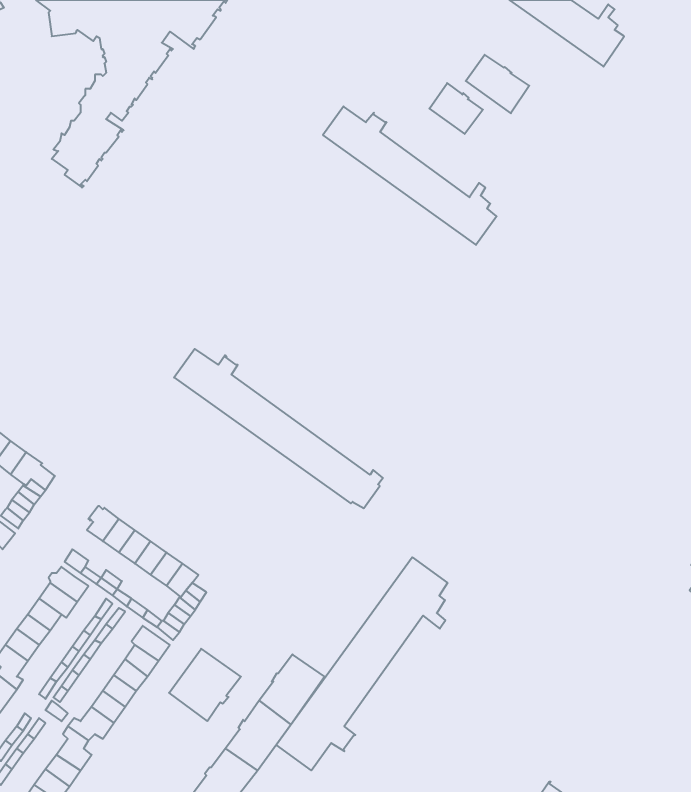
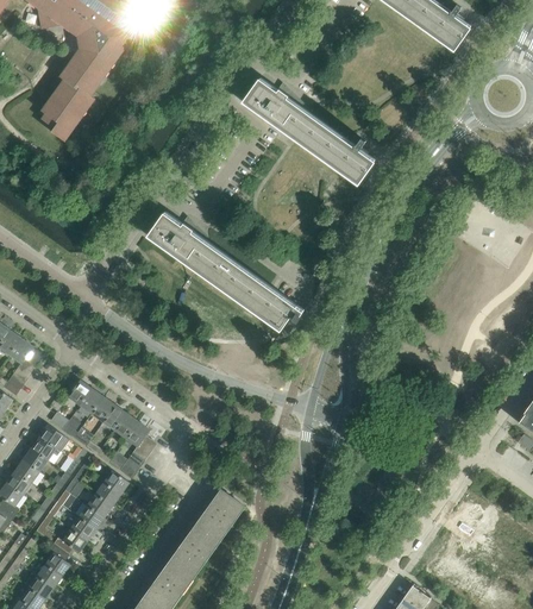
building: [466,55,529,113] -> none
building: [429,83,483,134] -> none
building: [174,349,383,508] -> [148,214,303,333]
building: [276,557,447,770] -> none
building: [169,649,241,721] -> none

